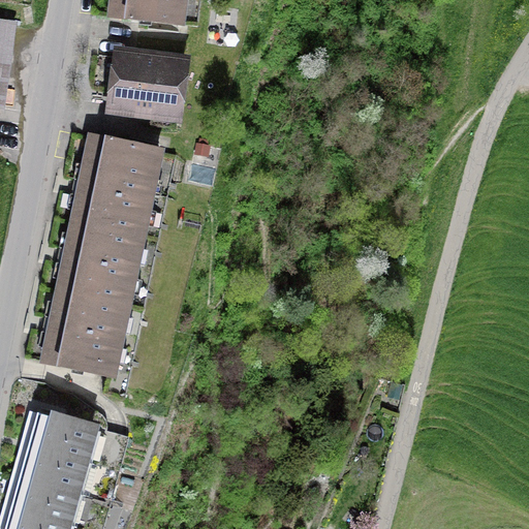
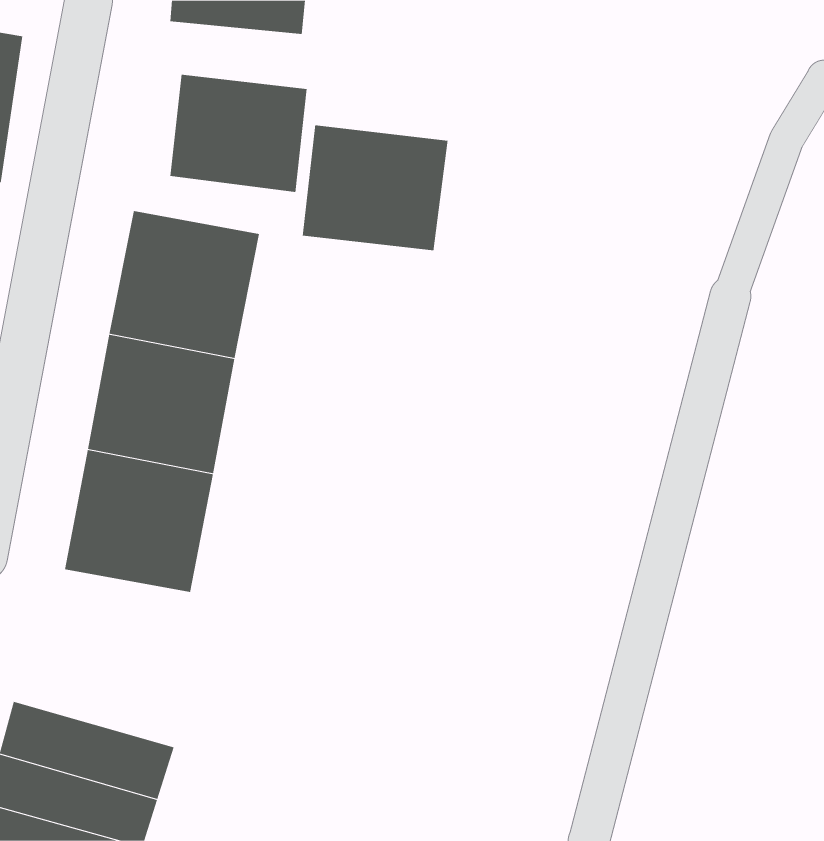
building: none -> [302,125,448,251]
building: [8,408,119,469] -> none

